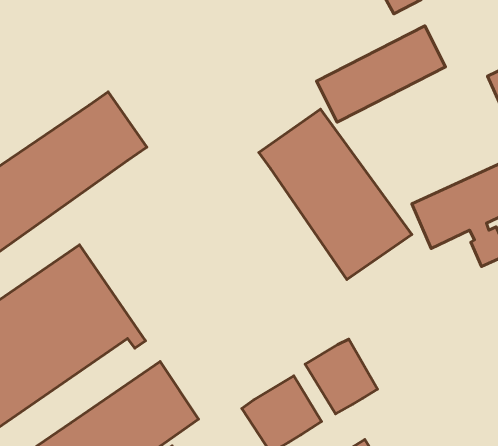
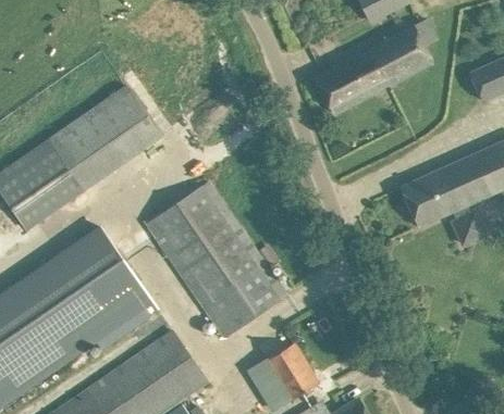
building: [259,109,412,279] -> none
building: none -> [148,183,286,337]
building: [305,339,378,414] -> none

